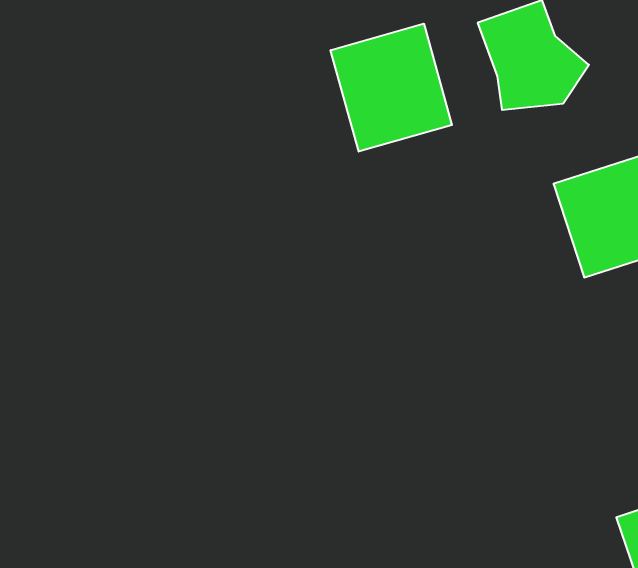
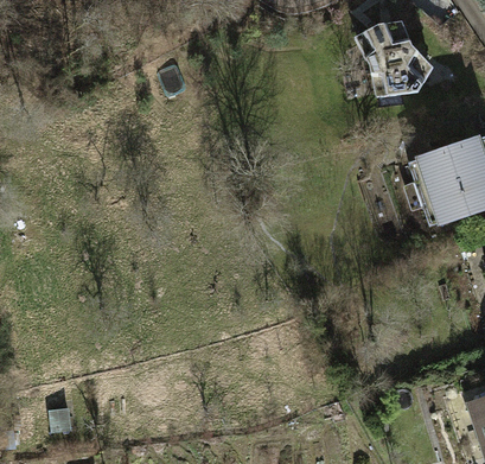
building: [331,24,452,152] -> none

